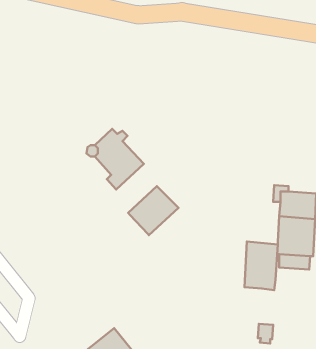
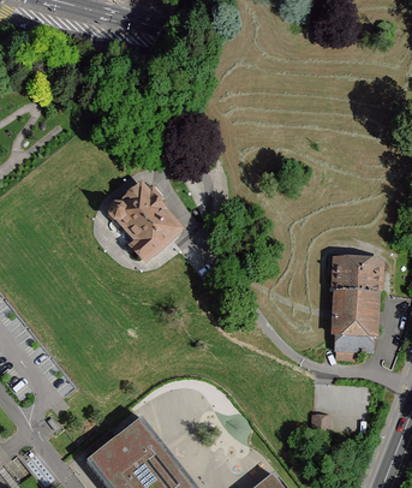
building: [128,186,178,235] -> none
building: [244,241,278,290] -> none

